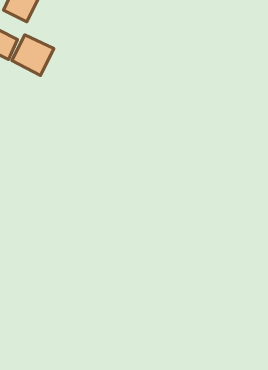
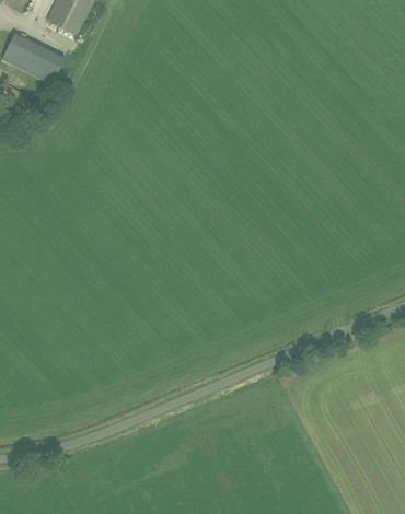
building: [12,35,54,75] -> none

